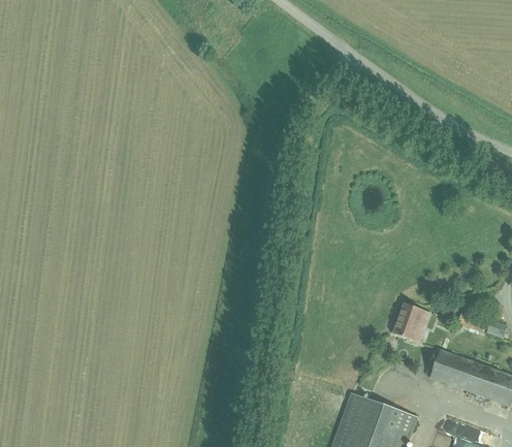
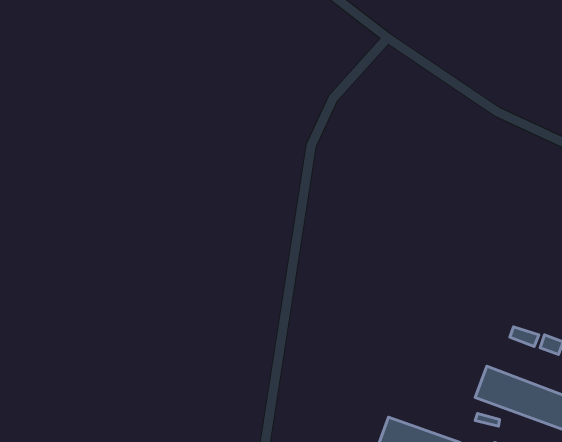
building: [393,304,431,343] -> none

